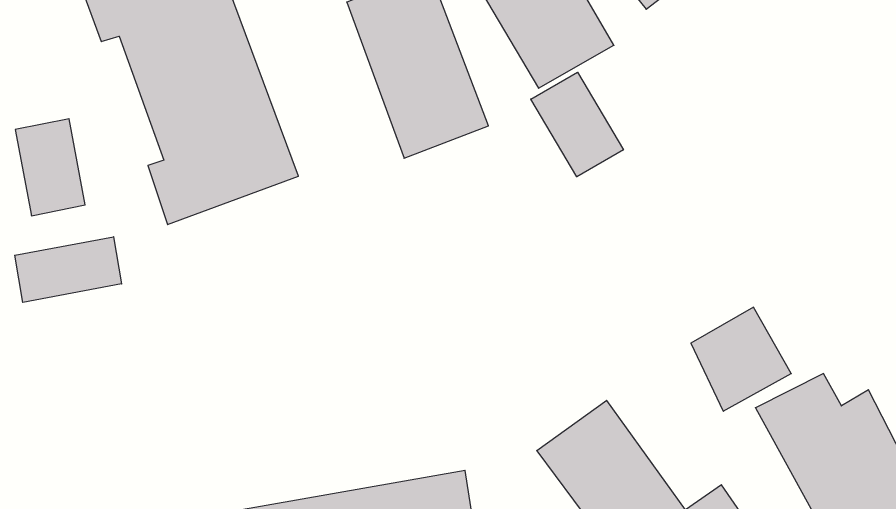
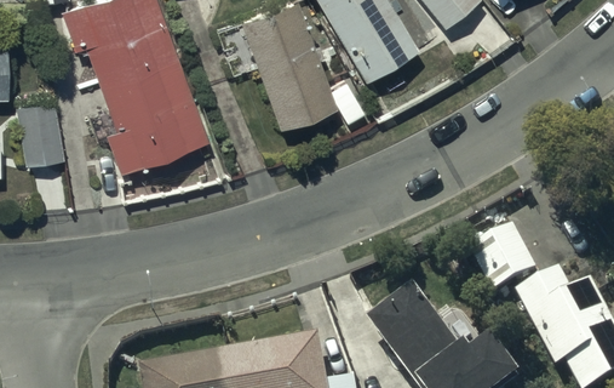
building: [531,72,623,177] -> none
building: [15,237,122,302] -> none

